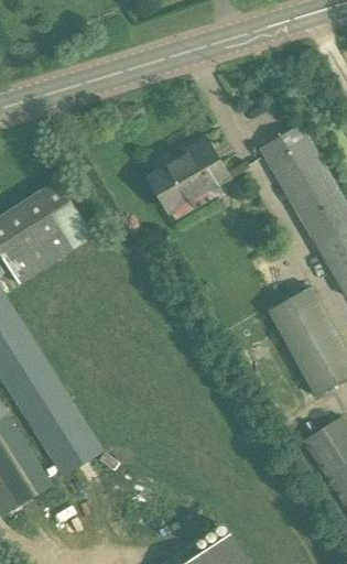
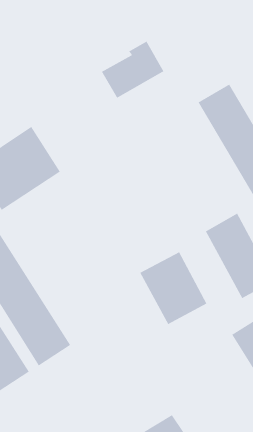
building: [150,139,229,212] -> [101,41,164,99]
building: none -> [139,251,207,325]

